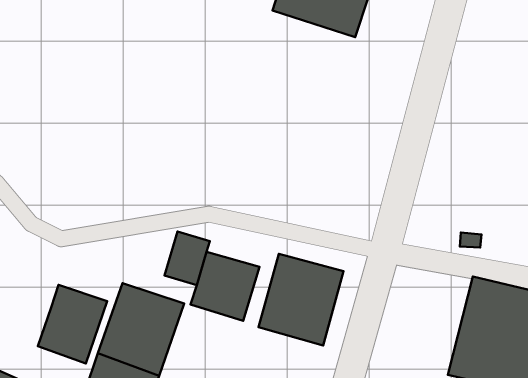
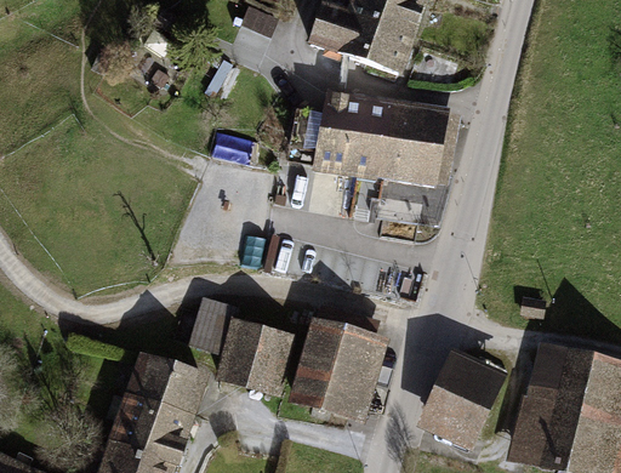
building: none -> [313,91,445,187]
building: none -> [421,352,508,450]
building: [38,285,107,363] -> none

